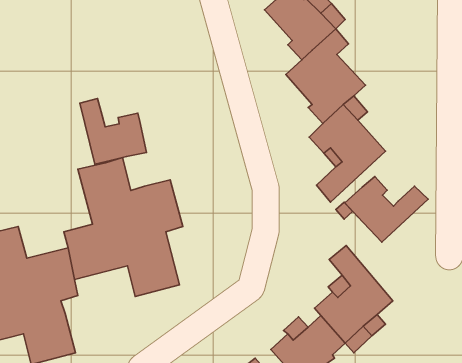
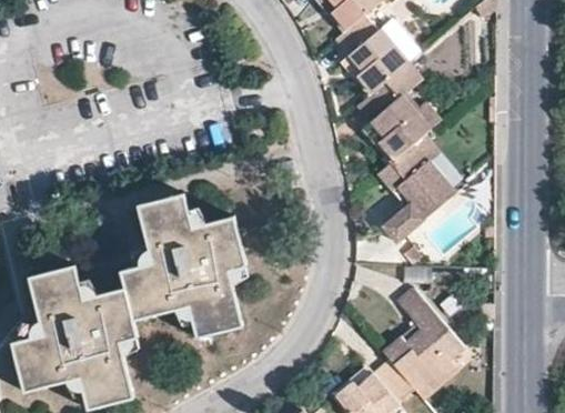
building: [80,98,147,164] -> none
building: [345,176,428,242] -> none

